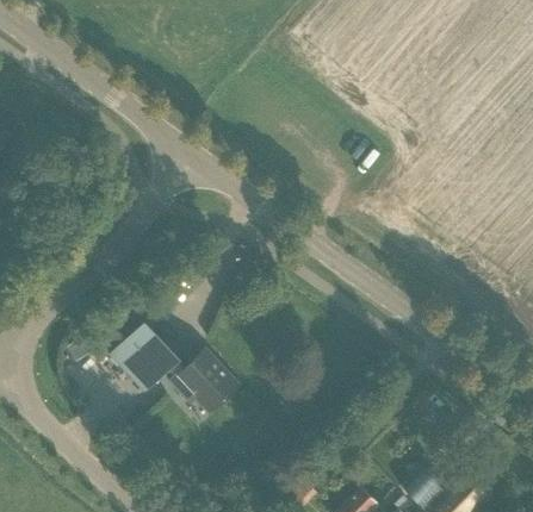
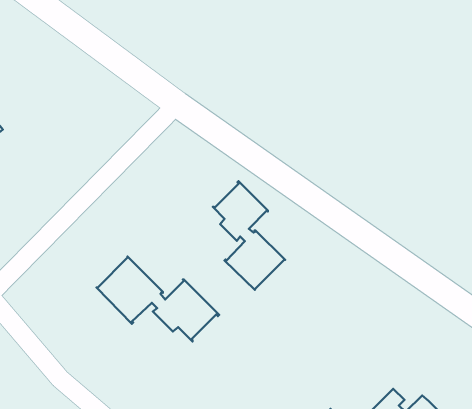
building: none -> [213,181,285,290]

